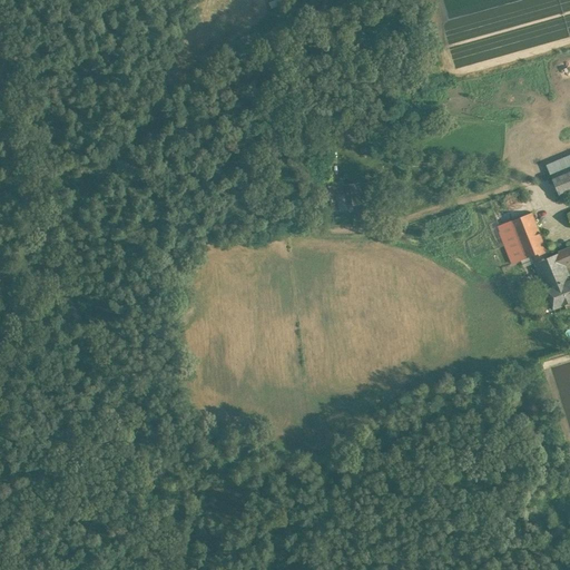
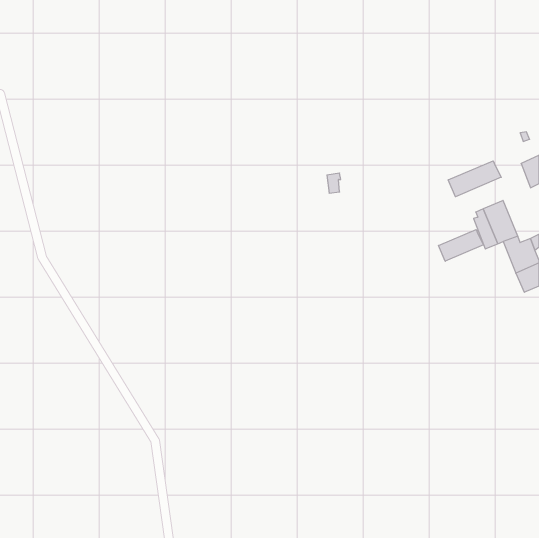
building: none -> [448,161,501,197]
building: none -> [439,230,484,261]

